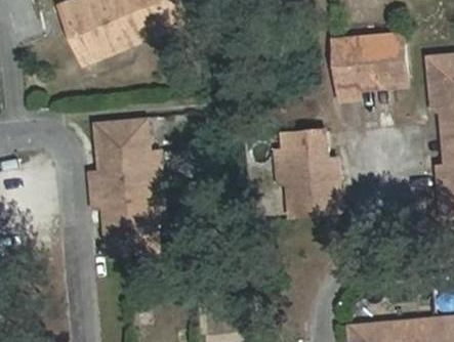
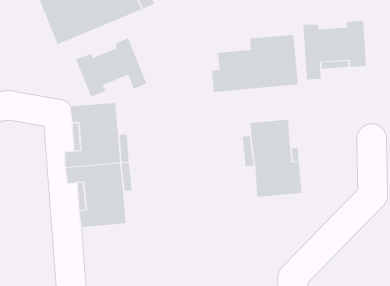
building: none -> [211,34,299,93]
building: none -> [75,37,147,97]

